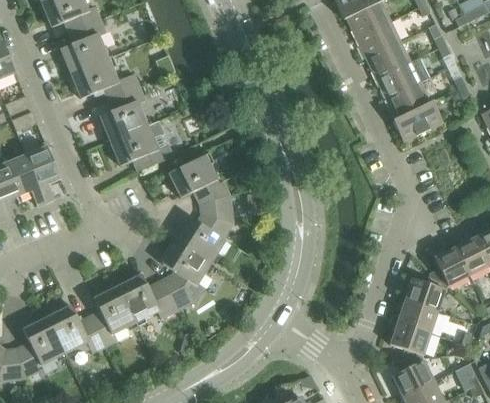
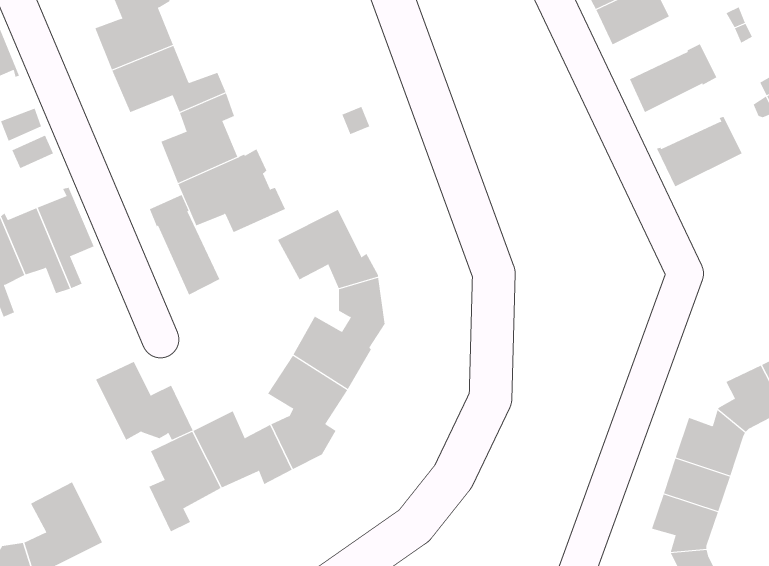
building: [367,41,411,78] -> none
building: [386,81,431,119] -> none
building: none -> [149,194,220,295]
building: [48,305,106,352] -> [95,361,193,441]

